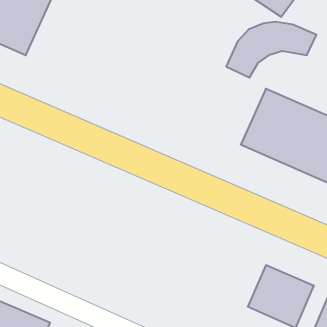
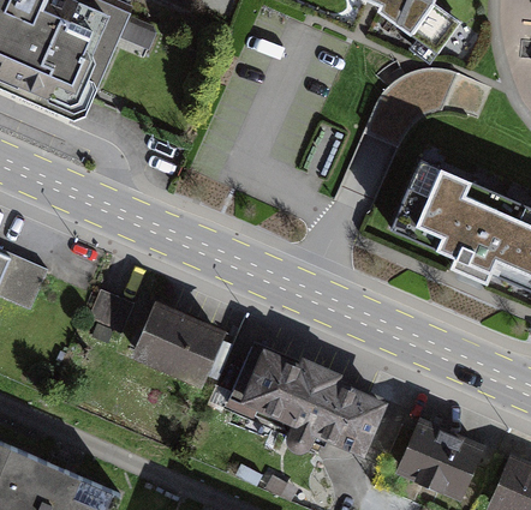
building: none -> [132,298,225,383]
building: none -> [229,342,387,455]

